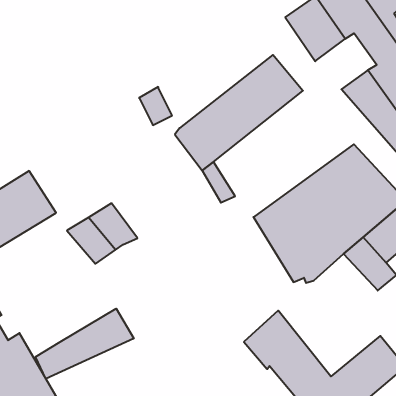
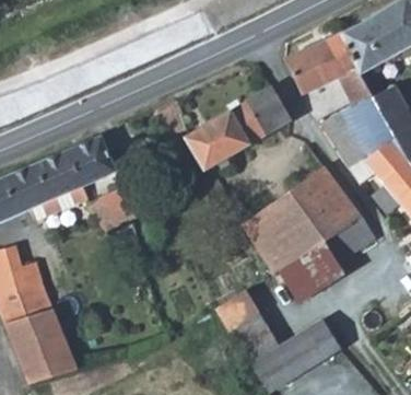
building: none -> [66,137,117,187]
building: none -> [278,253,327,303]
building: [36,309,134,379] -> none

